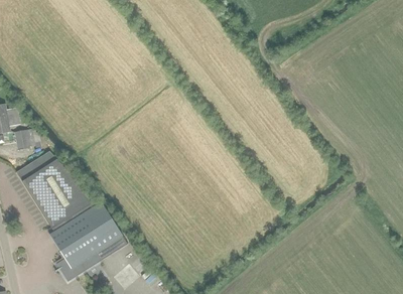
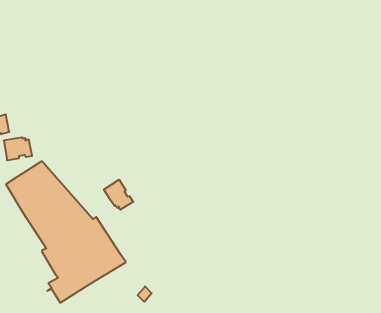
building: none -> [104,180,133,210]

